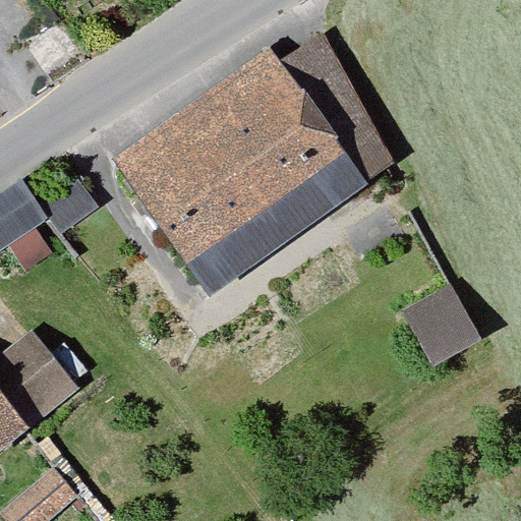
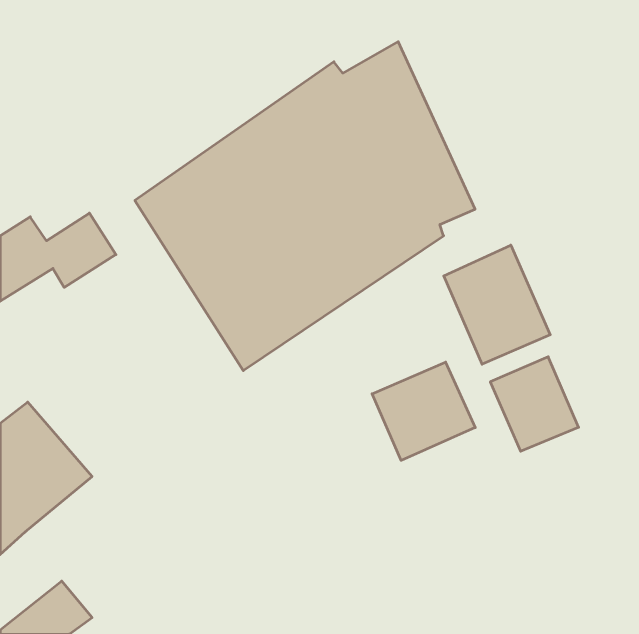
building: none -> [444,245,550,364]
building: none -> [372,362,475,460]

